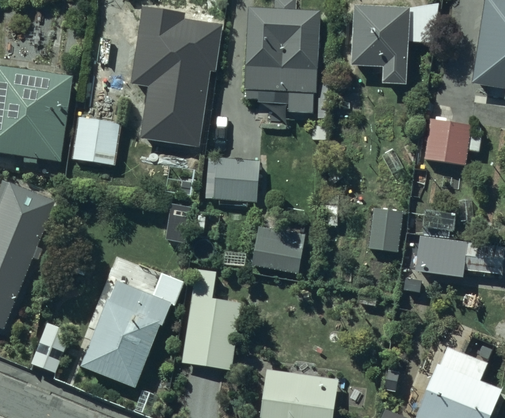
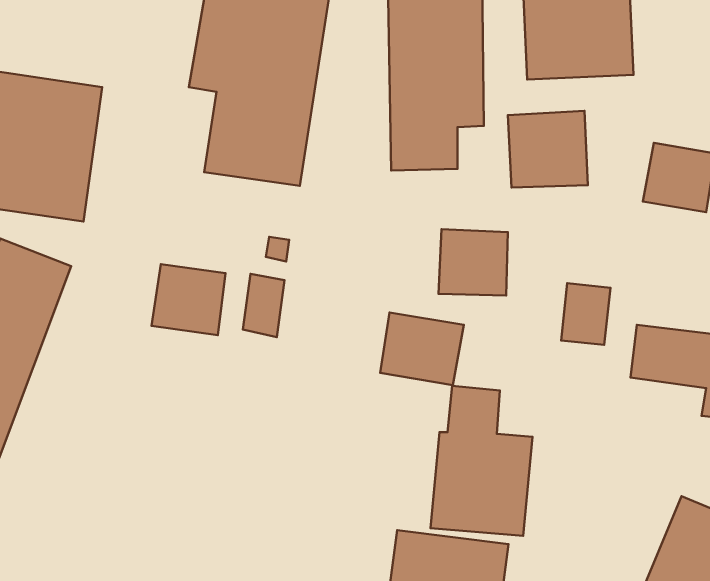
building: none -> [508,111,588,188]
building: [71,116,119,162] -> [151,264,226,335]
building: [214,157,259,200] -> [438,229,508,295]
building: [182,269,248,366] -> [430,386,532,536]
building: [82,284,172,396] -> none

